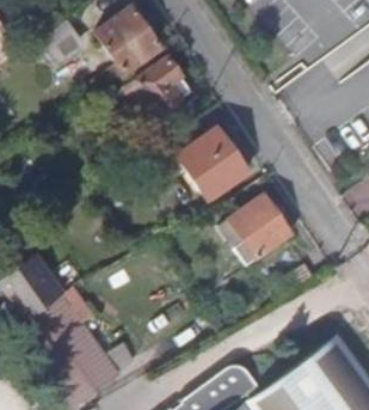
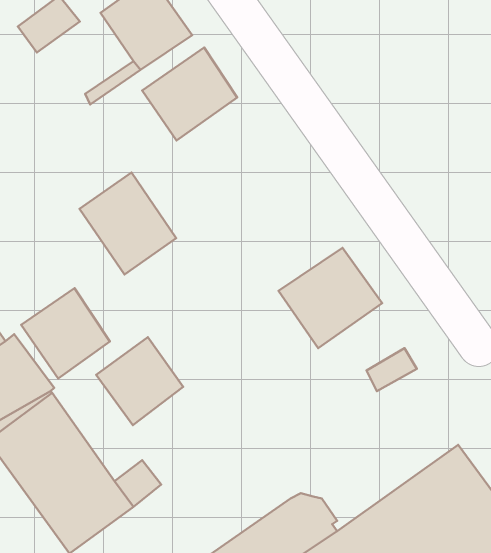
building: [180,127,247,197] -> [80,172,176,274]
building: none -> [21,288,110,379]
building: none -> [96,337,183,425]

